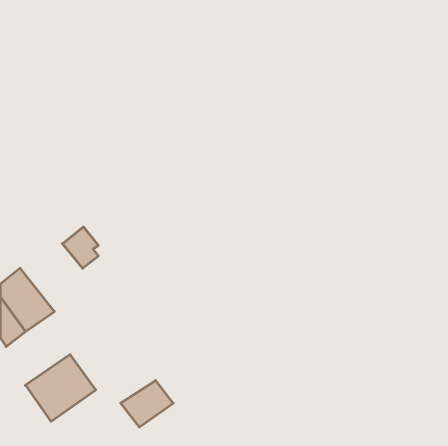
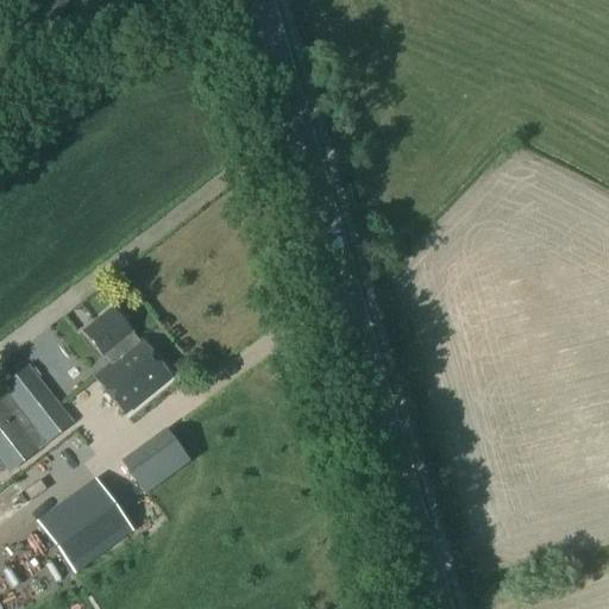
building: none -> [96,339,172,414]
building: [121,380,173,427] -> [120,429,192,492]

